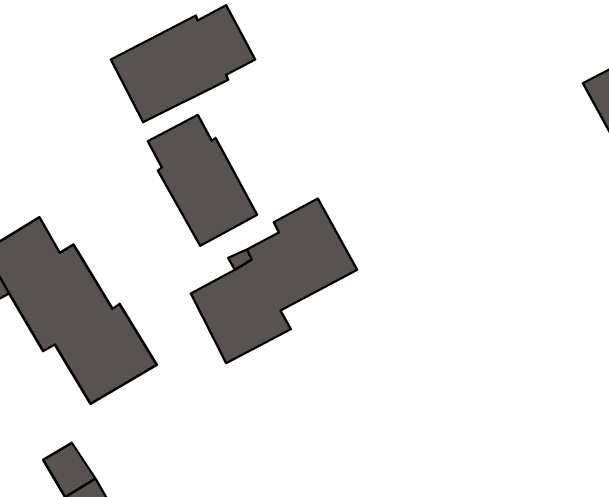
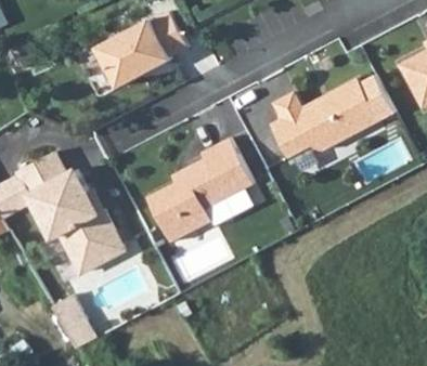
building: none -> [268,76,392,157]
building: [148,115,257,246] -> none

